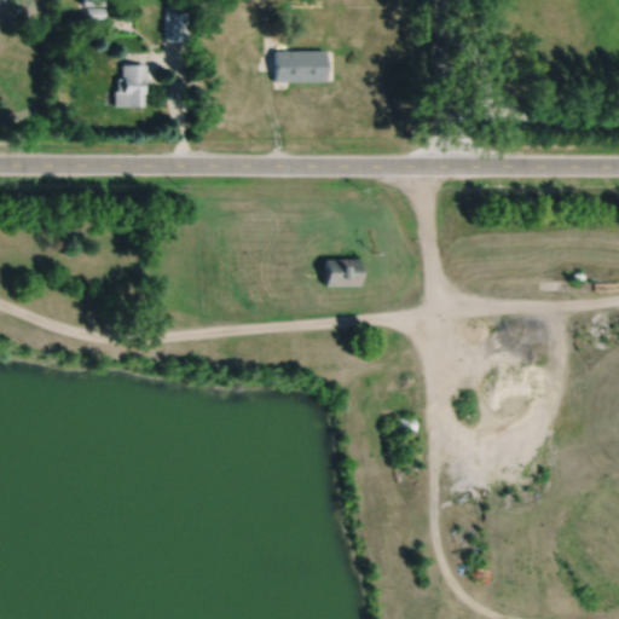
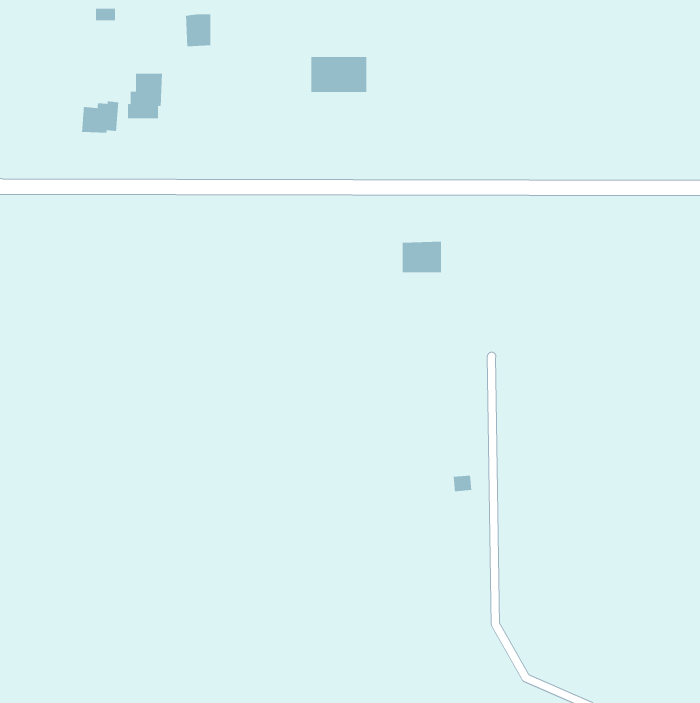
building: none -> [81,101,119,133]
building: [326,258,361,285] -> [402,241,442,273]

